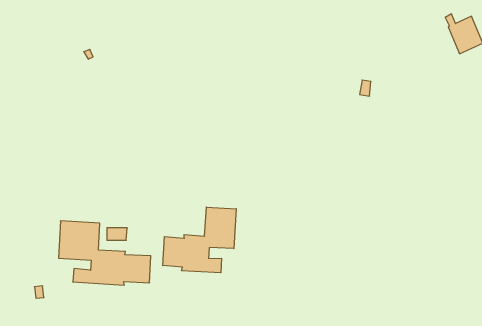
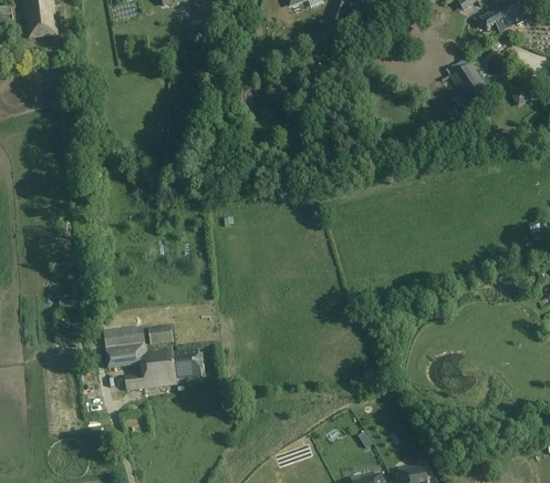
building: [163,207,236,273] -> none

